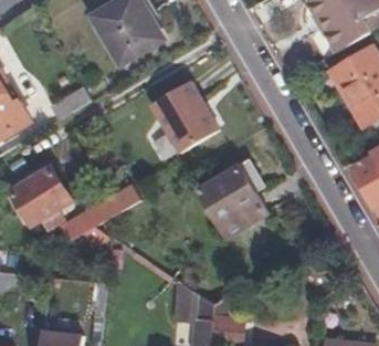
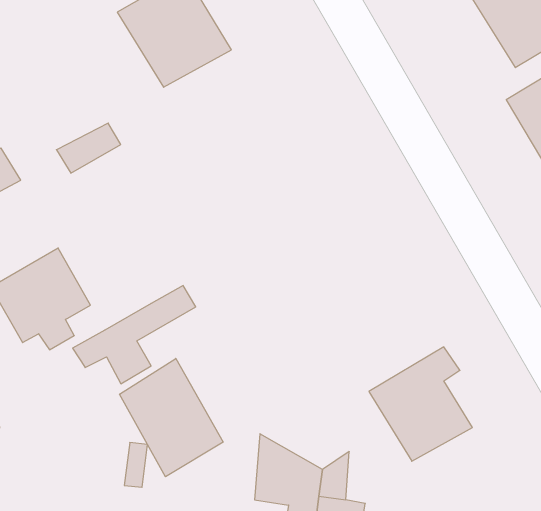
building: [149,82,218,155] -> none
building: [202,165,266,235] -> [369,347,472,461]
building: none -> [120,358,223,477]

